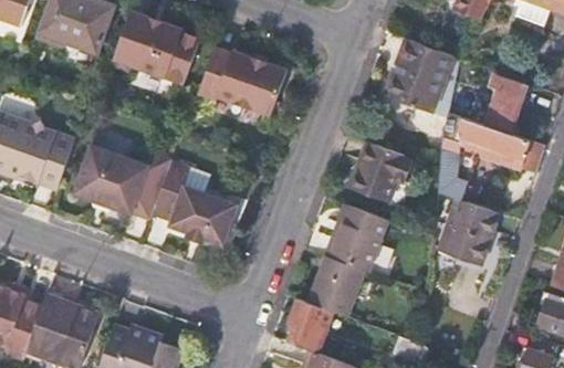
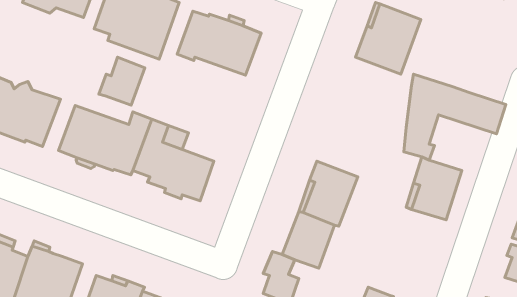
building: [488,73,523,133] -> none
building: none -> [99,57,145,105]
building: [352,143,414,203] -> none

